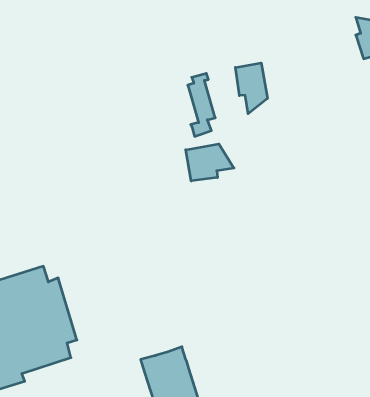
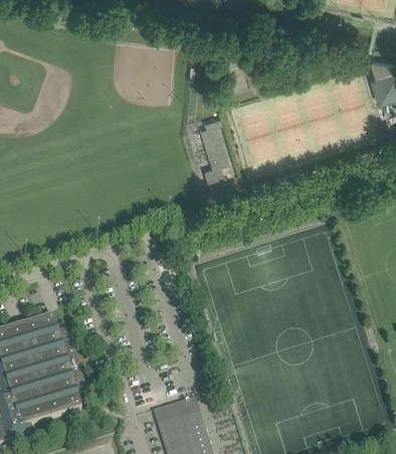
building: [235,63,267,114] -> none
building: [186,144,234,181] -> none

